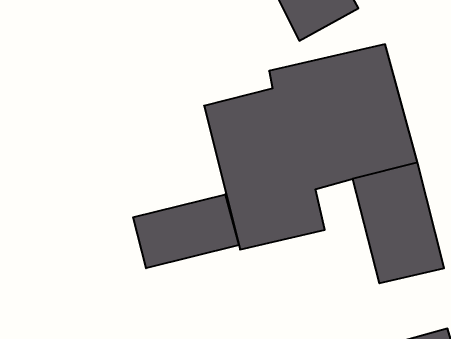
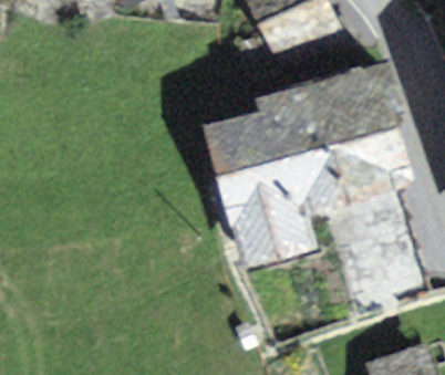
building: [133,194,239,268] -> none

